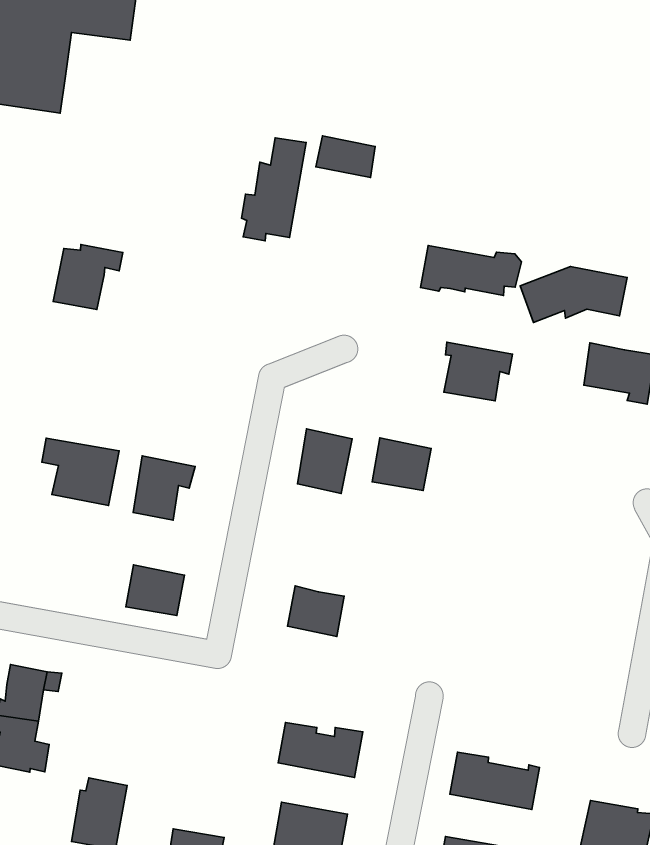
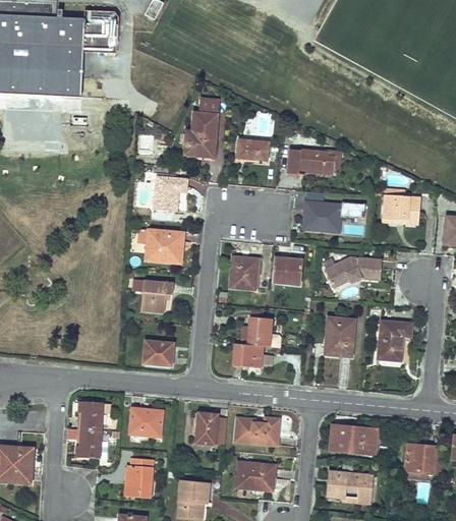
building: [316,136,375,178] -> [236,139,268,160]
building: [53,245,123,309] -> [153,176,188,211]
building: [520,267,627,323] -> [324,256,382,289]
building: [42,438,119,506] -> [137,229,179,263]
building: none -> [247,317,279,347]
building: none -> [324,317,354,356]
building: none -> [377,321,410,360]
building: none -> [128,409,161,436]
building: none -> [195,413,226,445]

